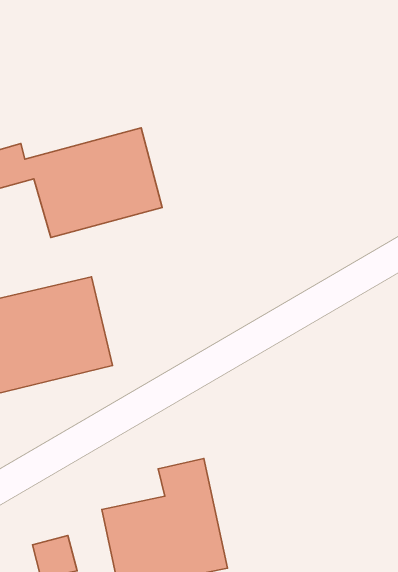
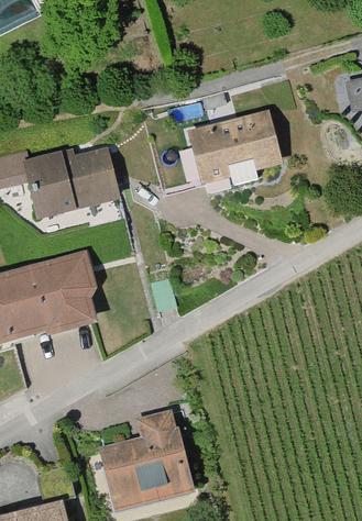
building: none -> [185,109,284,190]

